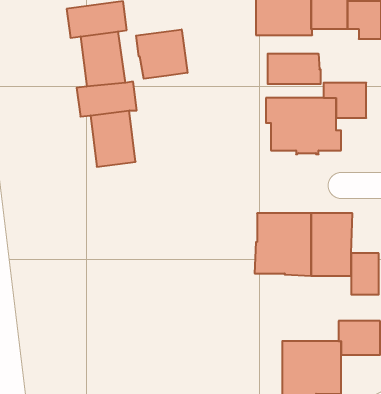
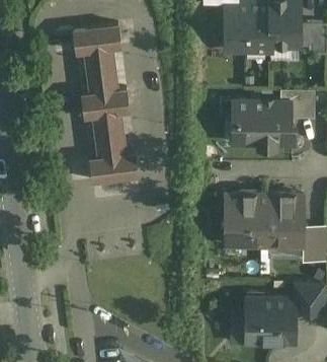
building: [136,29,187,79] -> none
building: [268,54,321,84] -> none
building: none -> [88,154,137,184]

